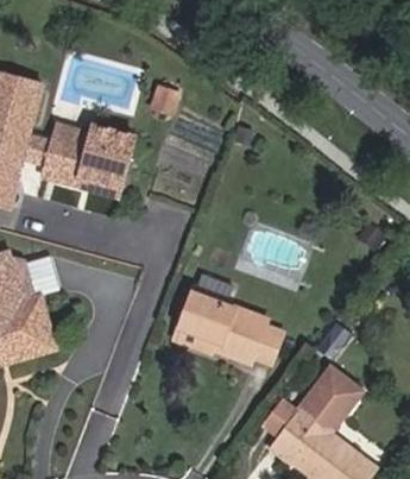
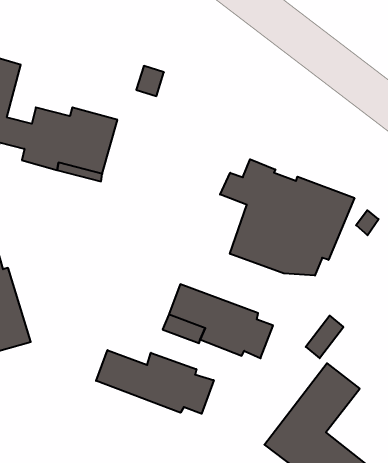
building: none -> [220,159,354,276]
building: none -> [96,350,214,414]

